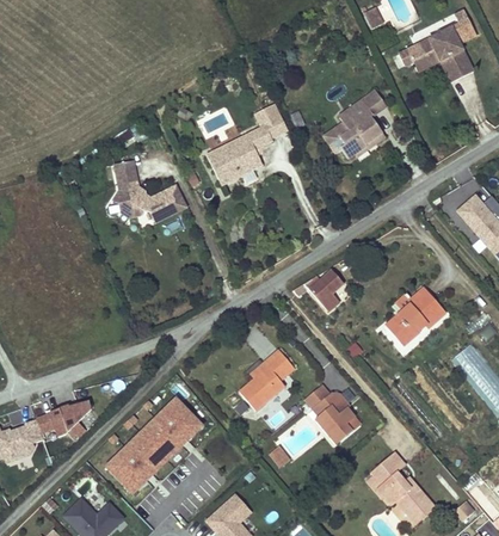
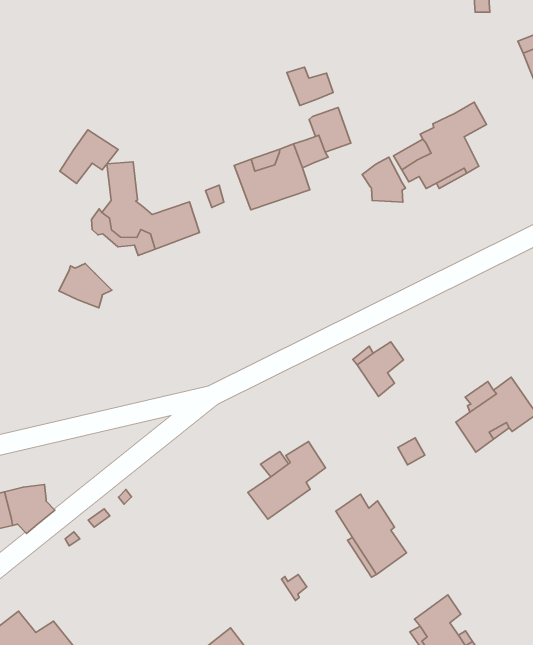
building: none -> [287,67,333,105]
building: none -> [362,157,406,202]
building: none -> [60,130,118,183]
building: none -> [59,263,112,308]
building: [106,396,205,495] -> none

